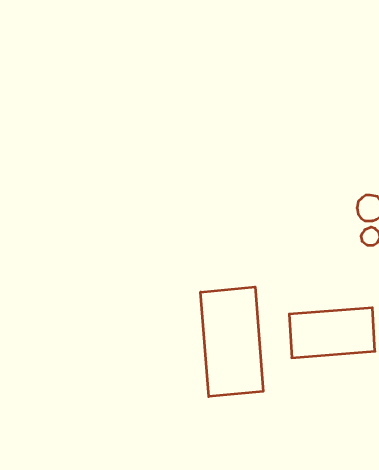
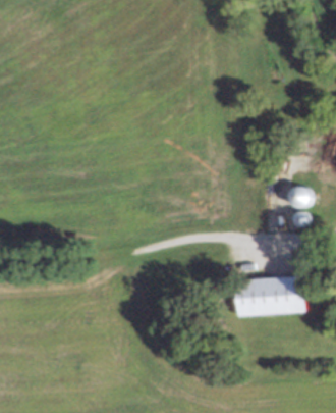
building: [201,287,263,397] -> none

